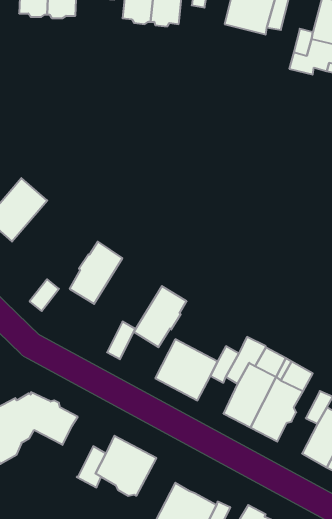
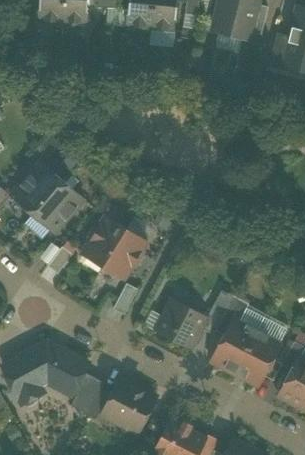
building: none -> [32,180,84,234]
building: [134,286,187,347] -> [102,229,147,281]
building: none -> [70,372,104,415]

